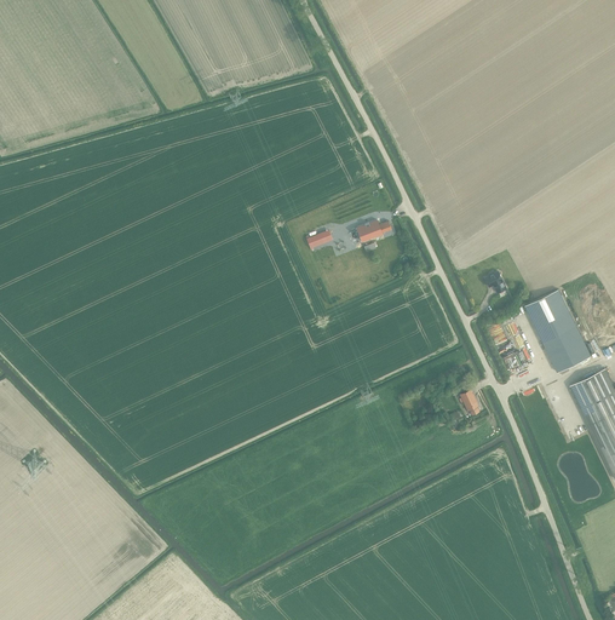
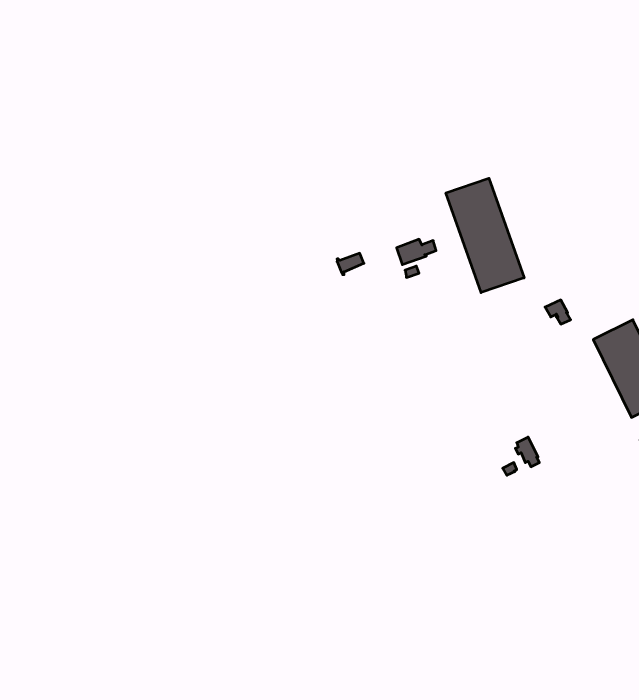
building: none -> [446,178,524,293]

